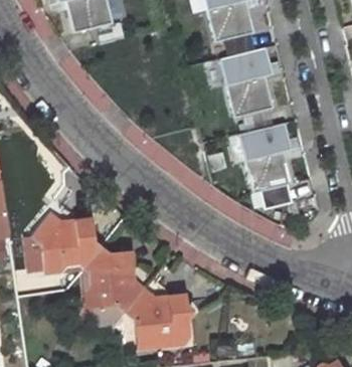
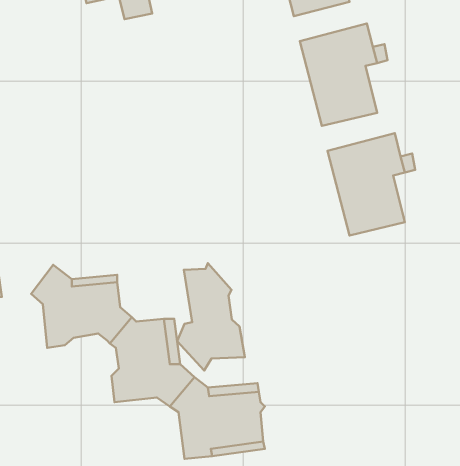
building: none -> [177,263,245,371]

